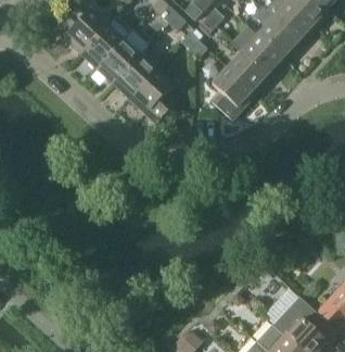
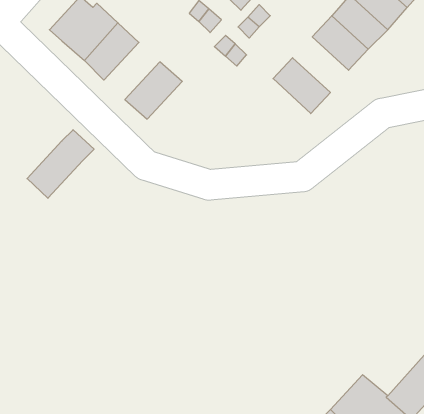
building: [94,28,146,81] -> [27,130,94,198]
building: [241,33,284,76] -> none
building: [210,65,255,118] -> none
building: [128,67,178,122] -> none

